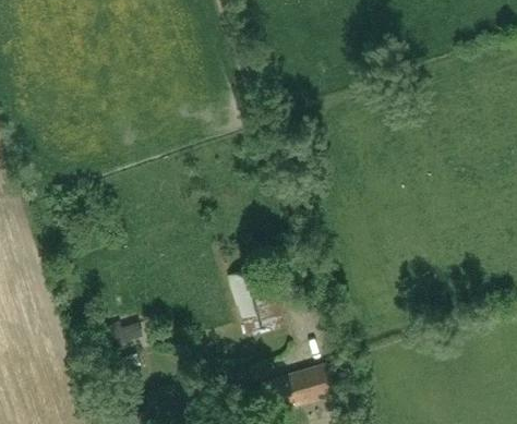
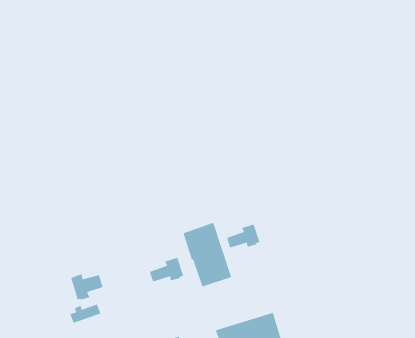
building: none -> [226,223,261,248]
building: none -> [149,257,184,282]

